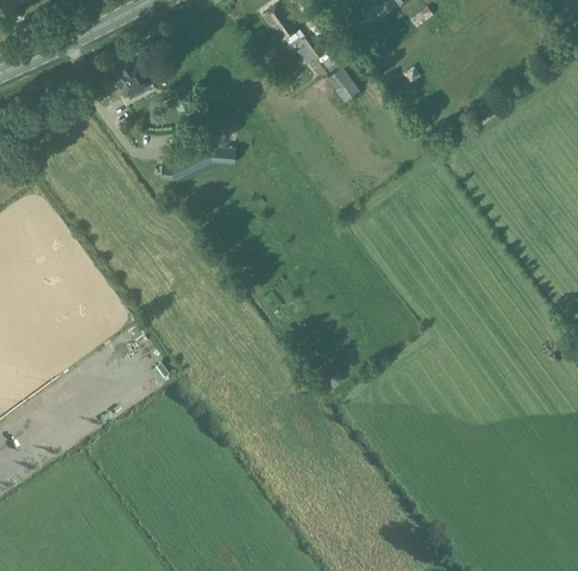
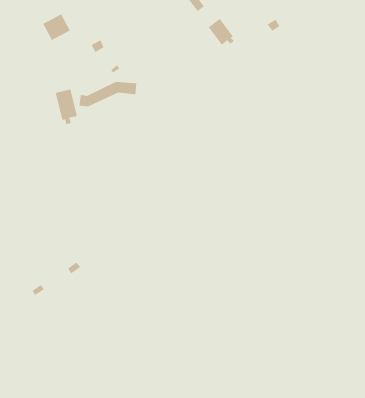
building: none -> [55,89,78,125]

